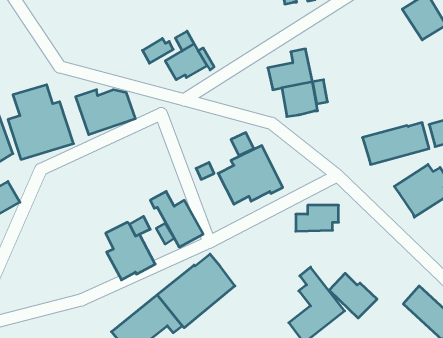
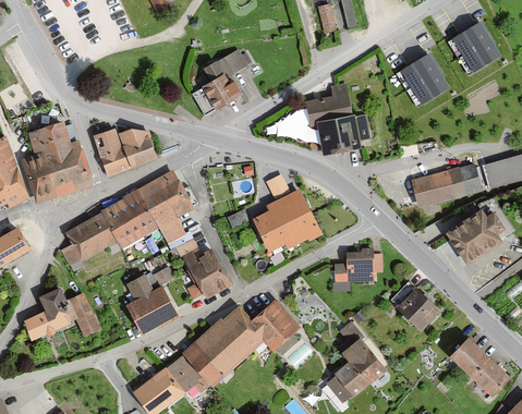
building: none -> [400,53,448,105]
building: [142,38,173,63] -> [216,49,250,76]
building: none -> [60,169,196,270]
building: none -> [25,287,100,340]
building: none -> [252,299,302,350]
building: [329,273,377,318] -> [391,281,444,330]

